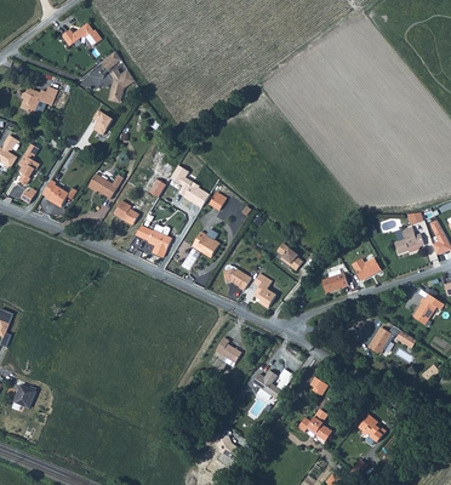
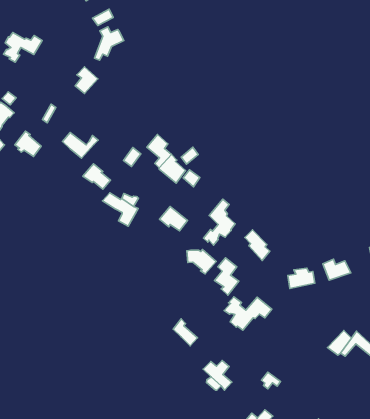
building: none -> [204,199,235,245]
building: none -> [224,297,272,330]

